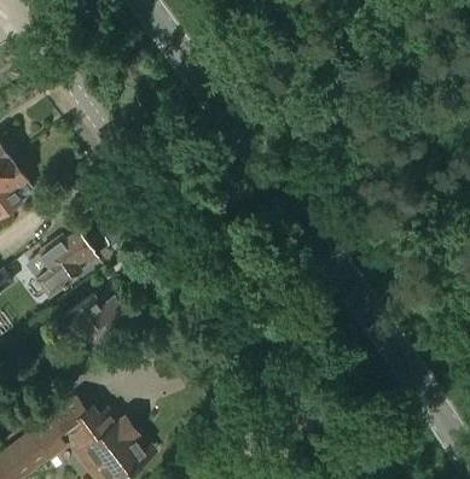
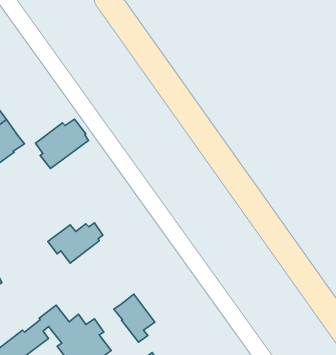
building: [29,230,98,294] -> [35,119,89,168]
building: none -> [114,294,155,342]

